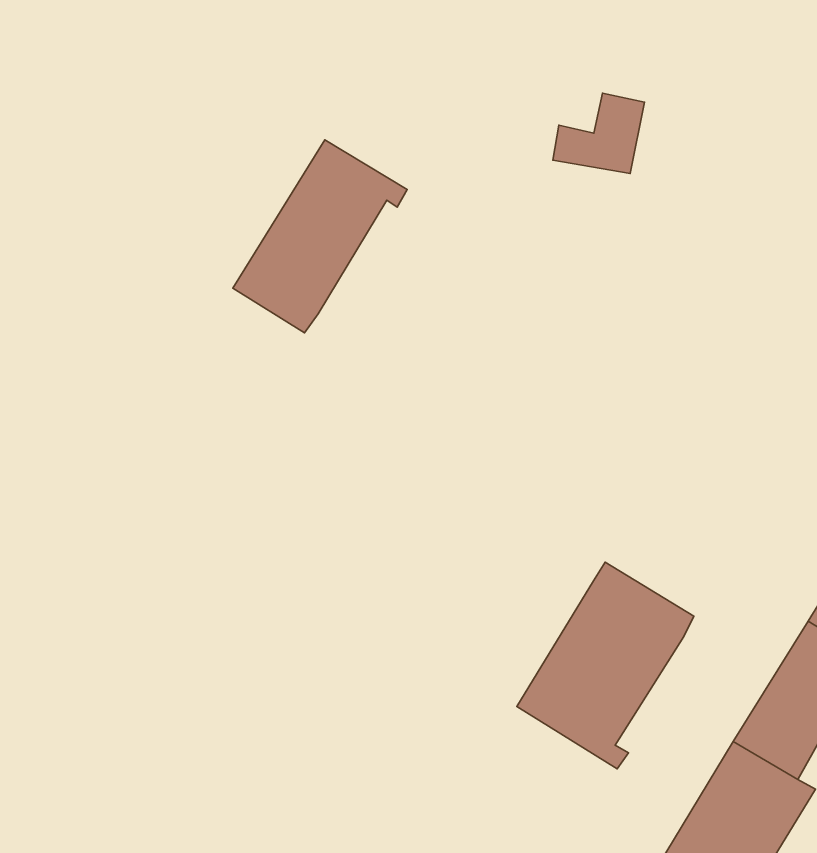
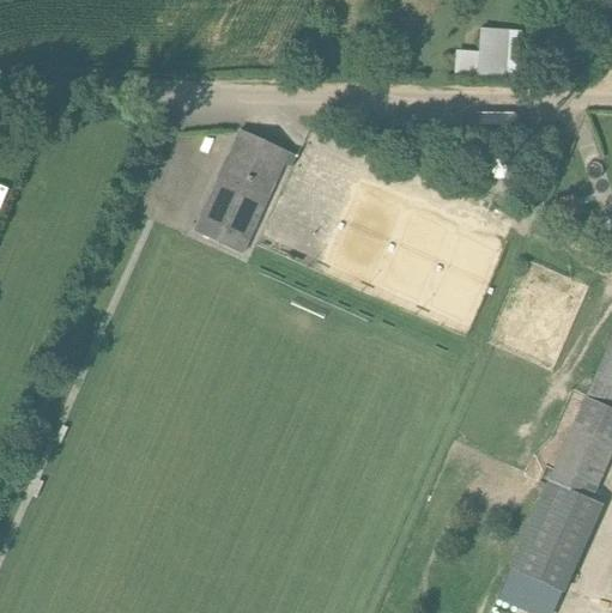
building: [553,93,645,174] -> [455,25,509,74]
building: [517,562,694,769] -> none

